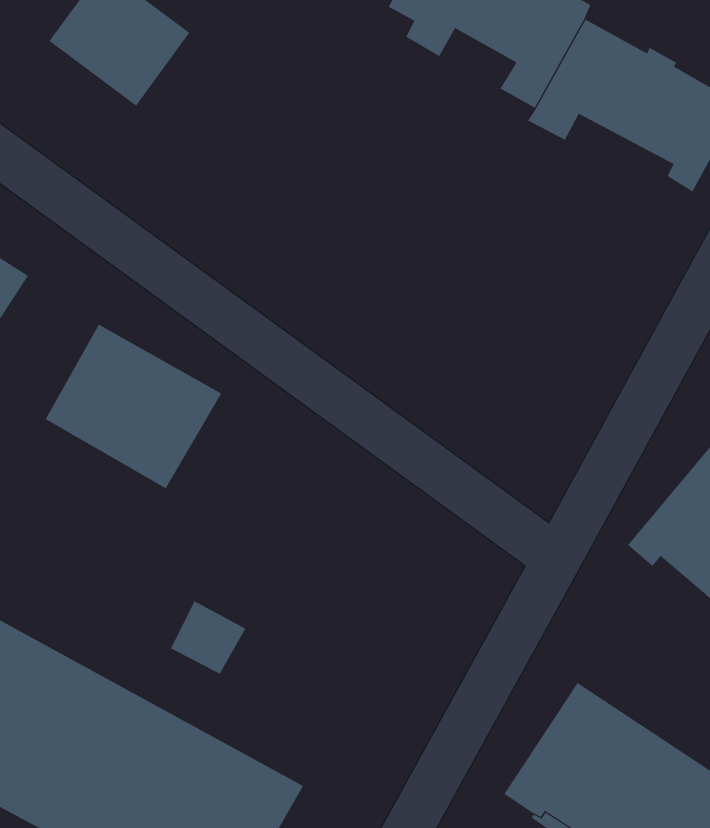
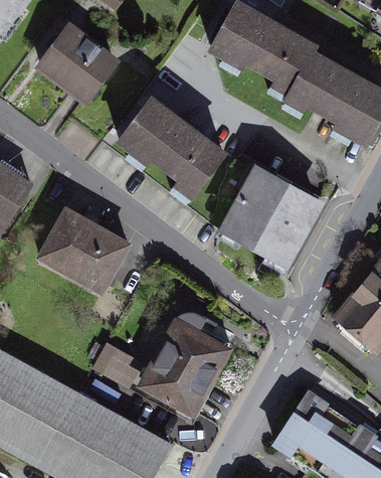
building: none -> [121,101,224,190]
building: none -> [227,167,317,278]
building: none -> [145,313,231,412]

